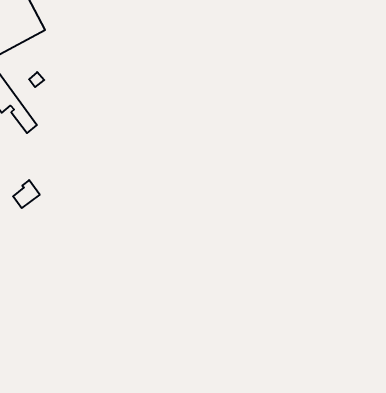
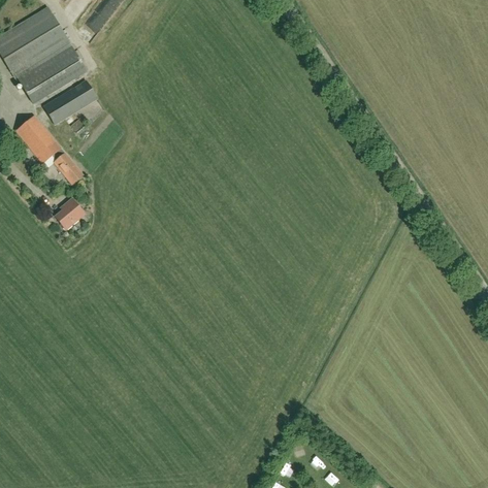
building: none -> [43,79,97,124]
building: [13,180,40,208] -> [55,198,84,229]

